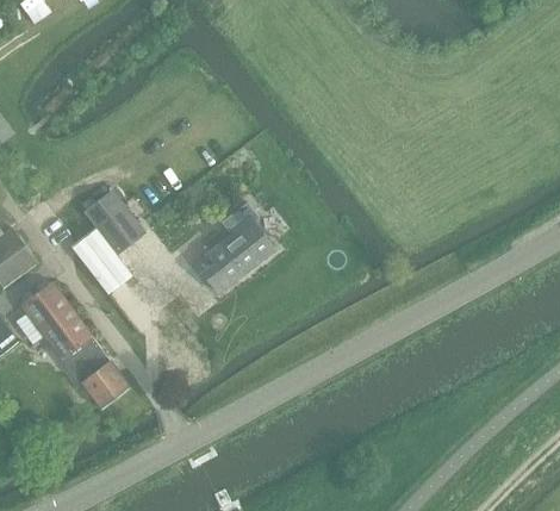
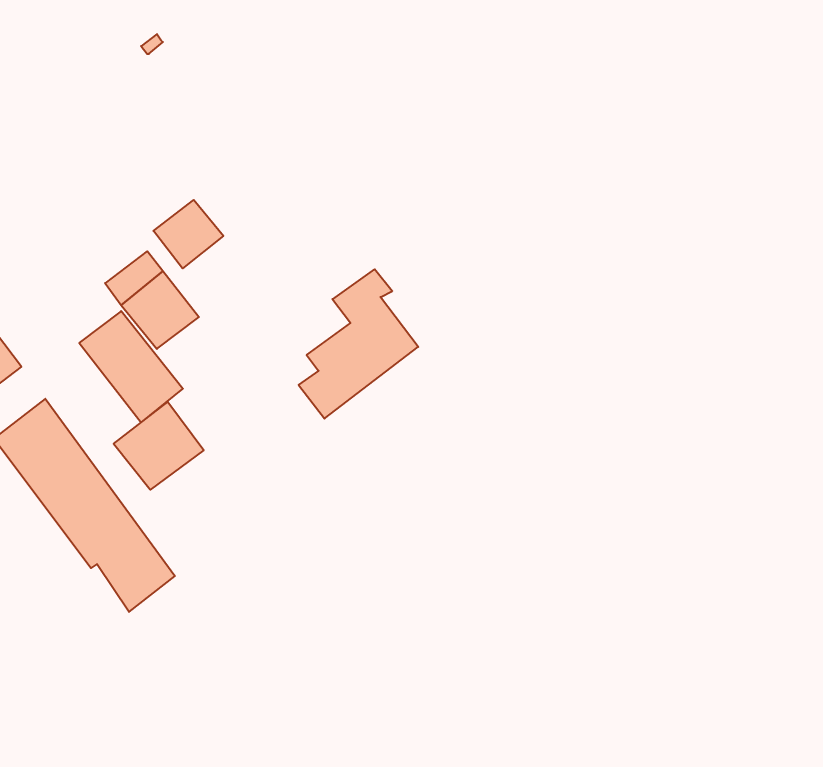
building: none -> [153,200,223,268]
building: none -> [114,402,204,490]

